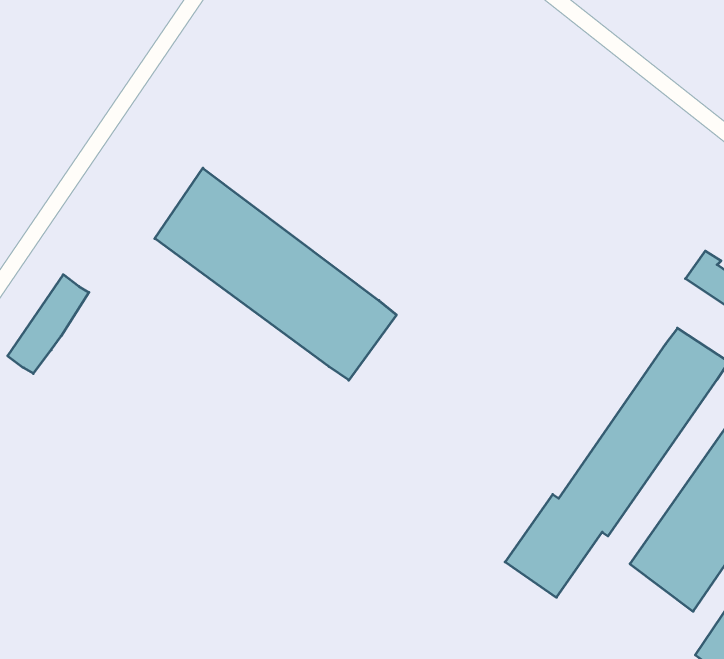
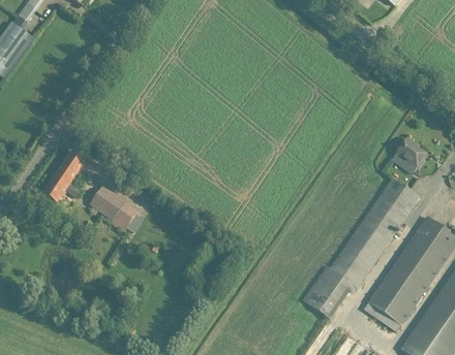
building: [155,168,396,380] -> none
building: none -> [91,184,140,231]

